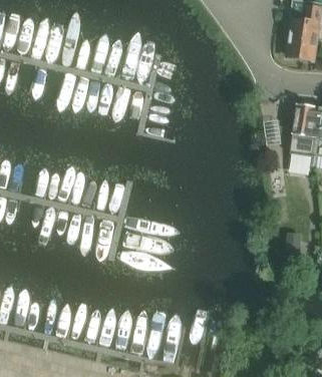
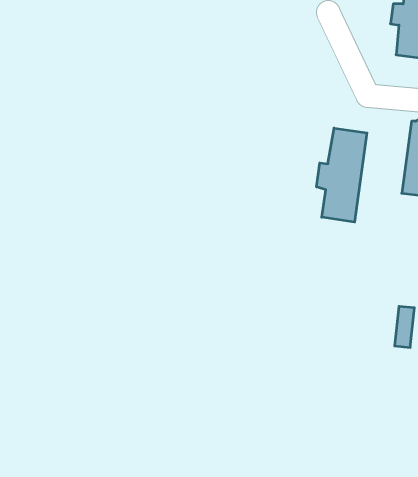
building: none -> [317,128,367,222]

